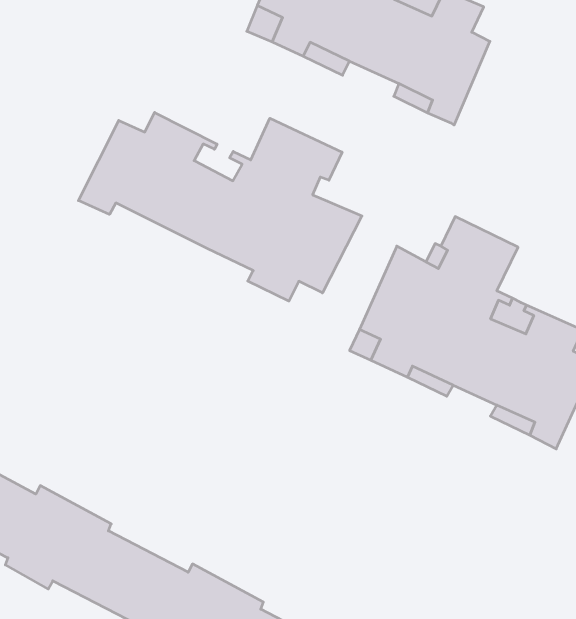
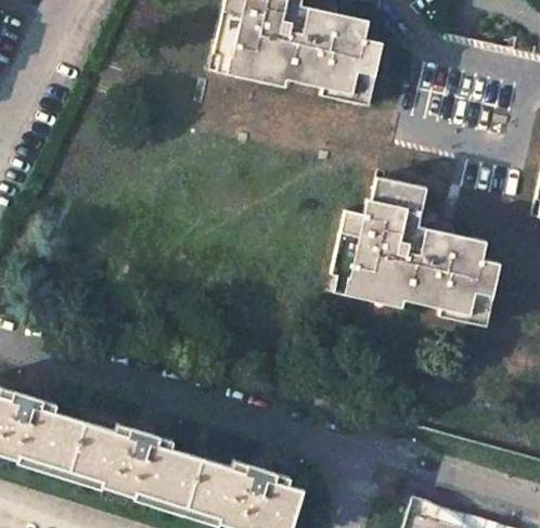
building: [78,112,362,301] -> none

